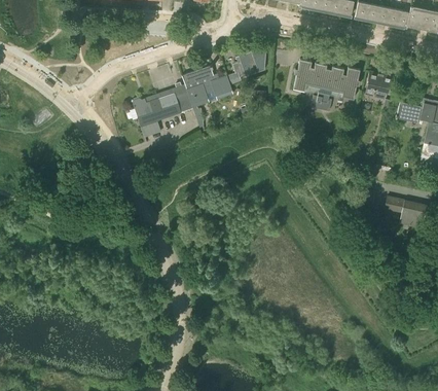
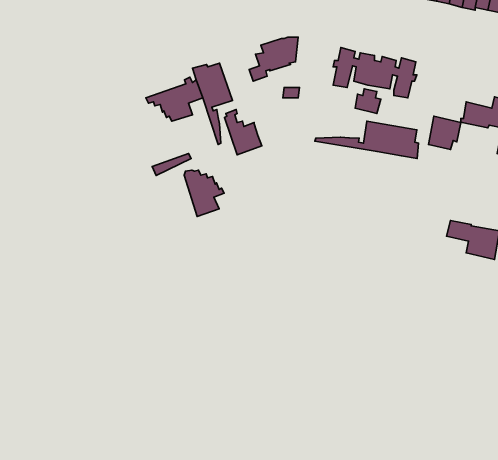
building: [204,65,233,101] -> [224,110,262,155]
building: [366,72,392,99] -> [429,116,461,150]
building: [134,99,166,136] -> [184,170,224,217]
building: none -> [315,121,418,158]

